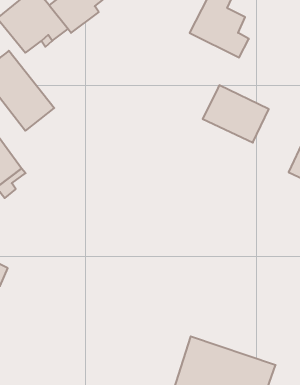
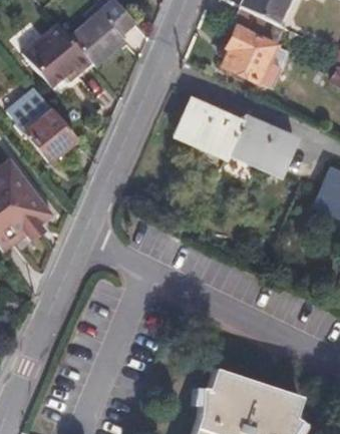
building: none -> [178,101,245,158]

